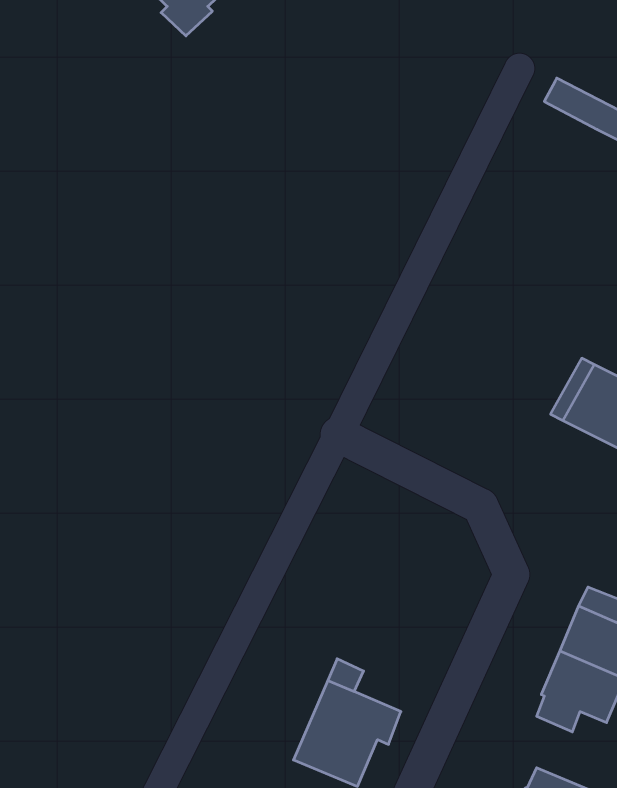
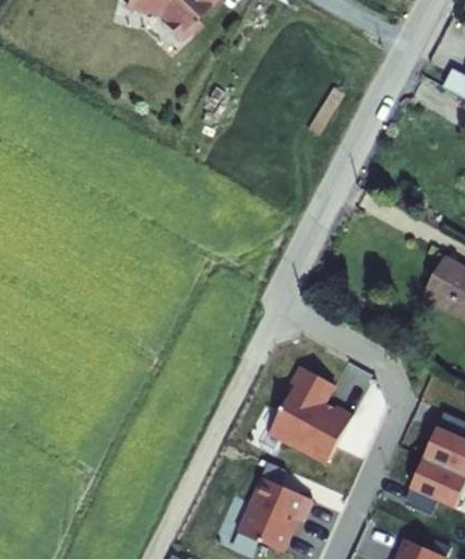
building: none -> [271,358,356,453]

